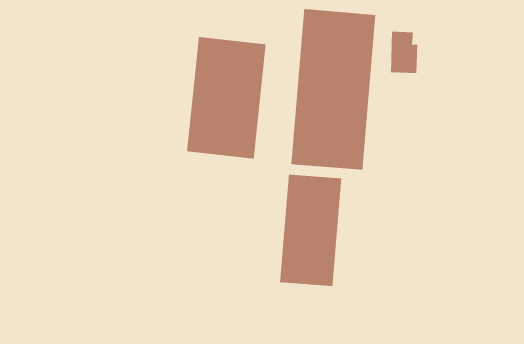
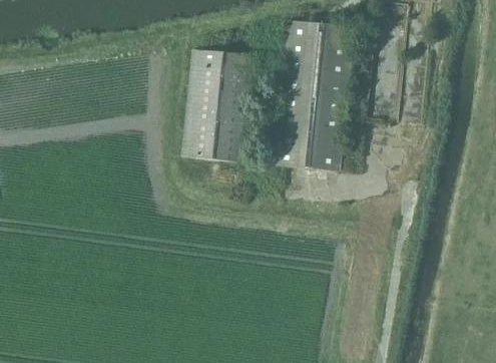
building: [279,174,342,287] -> none

